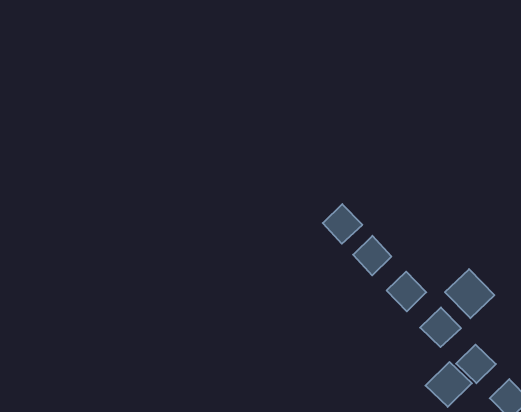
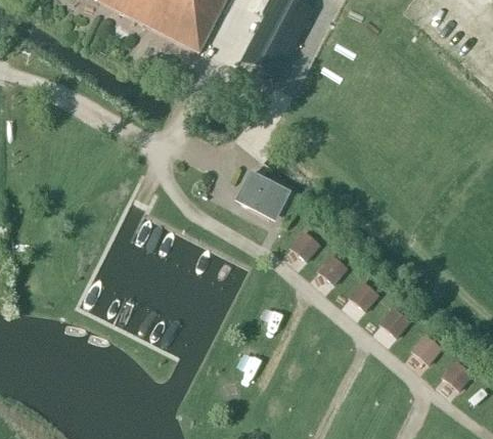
building: none -> [240,172,289,218]
building: [445,269,494,318] -> none
building: [425,362,472,407] -> none

